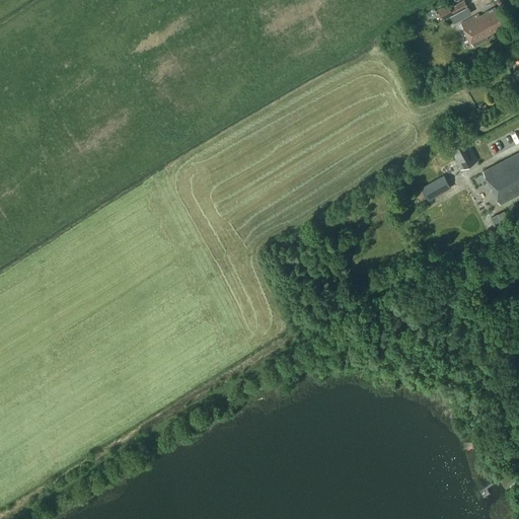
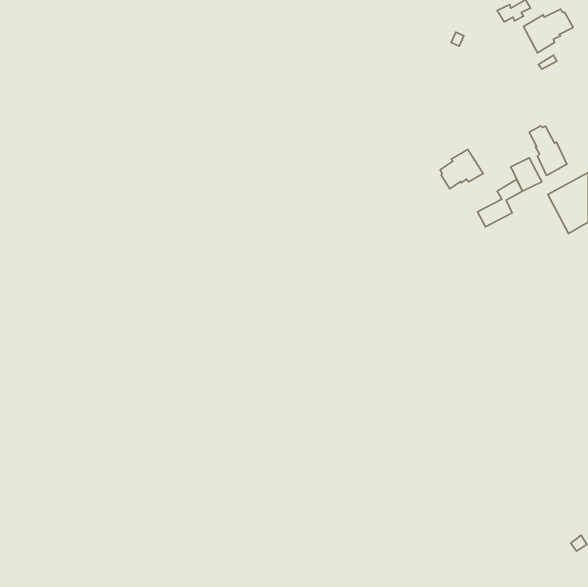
building: none -> [529,126,567,176]
building: none -> [440,149,483,189]

